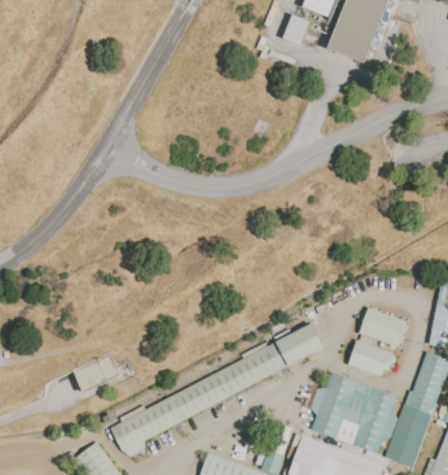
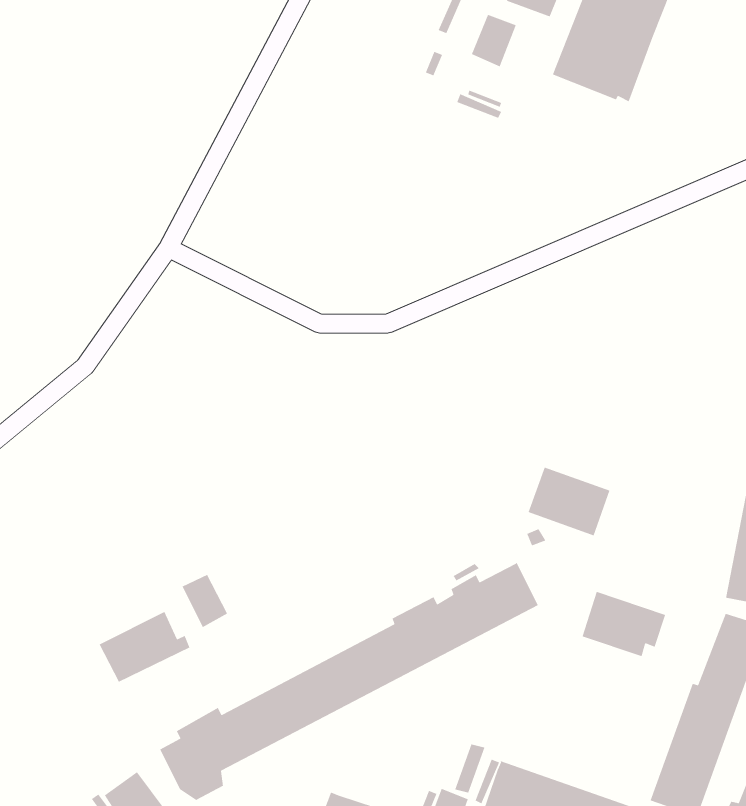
building: [358,309,404,348] -> [528,466,611,536]
building: none -> [181,574,228,628]
building: [309,373,397,454] -> none

